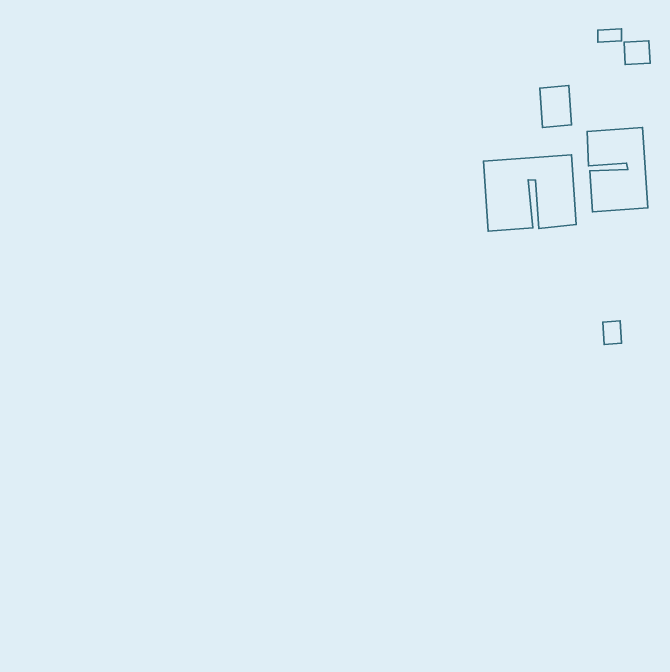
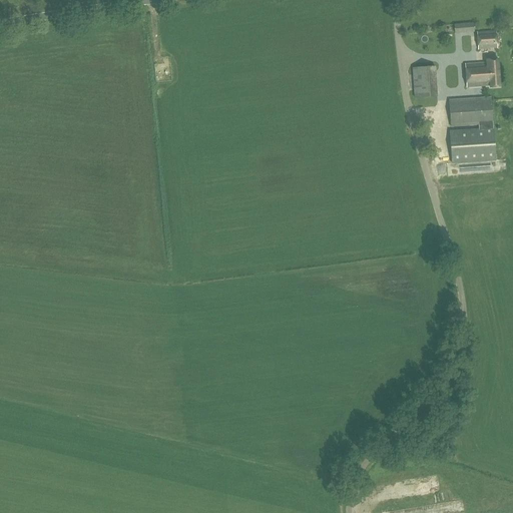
building: none -> [465,58,500,87]
building: [484,155,576,231] -> none

